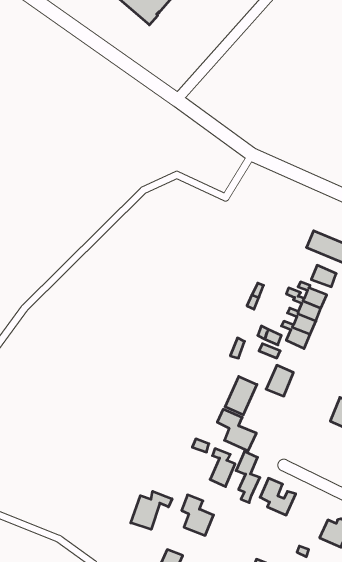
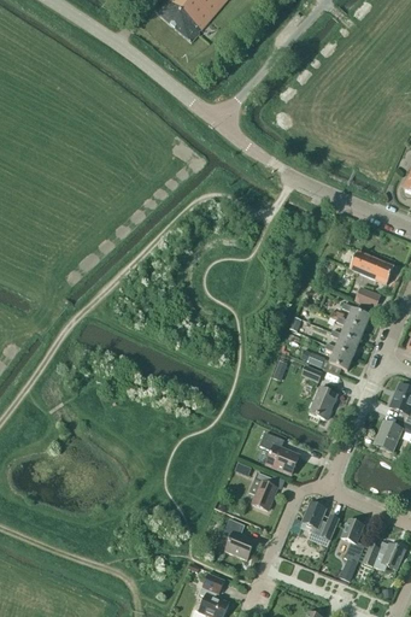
building: [225,376,257,415] -> none
building: [236,451,260,503] -> [341,518,365,570]
building: [131,491,172,529] -> none

